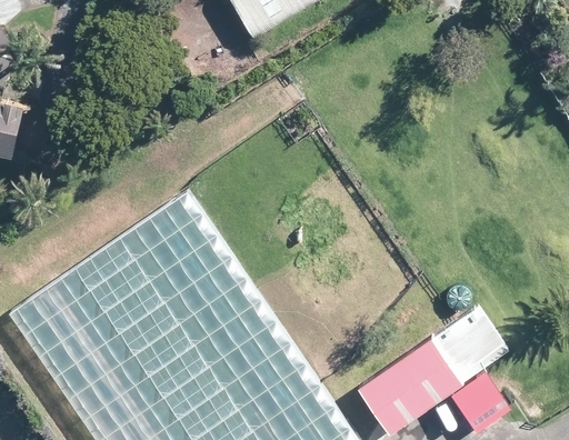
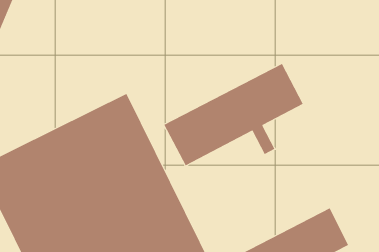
building: none -> [163,63,304,166]

